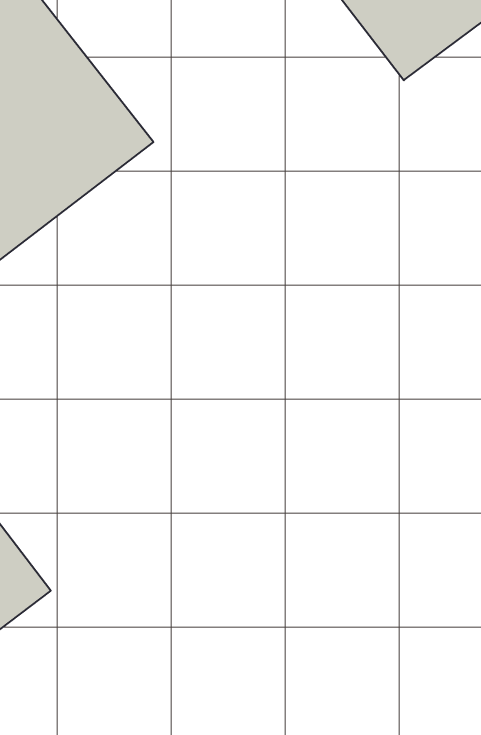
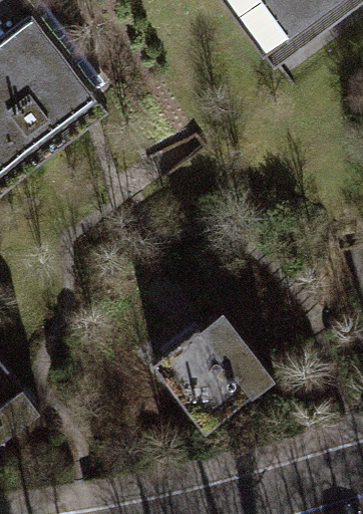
building: none -> [151,308,277,435]

